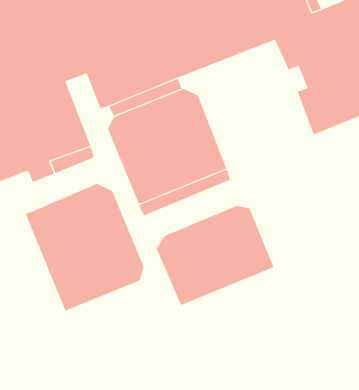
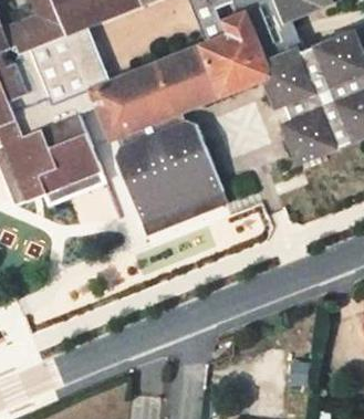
building: [25,183,144,311] -> none
building: [156,205,274,306] -> none

